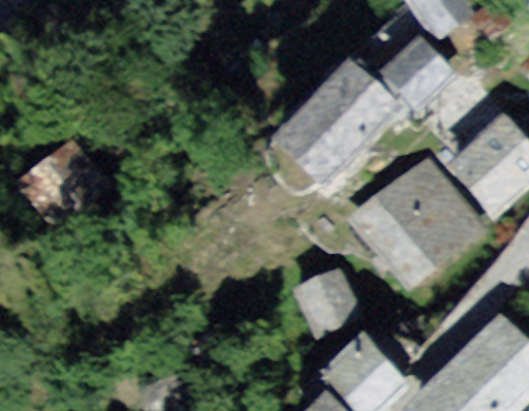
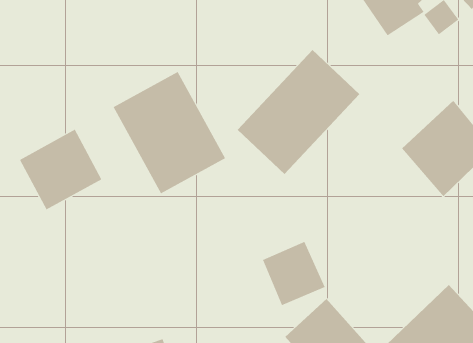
building: [371,32,454,114] -> none
building: none -> [113,71,226,194]
building: [349,156,487,292] -> none

